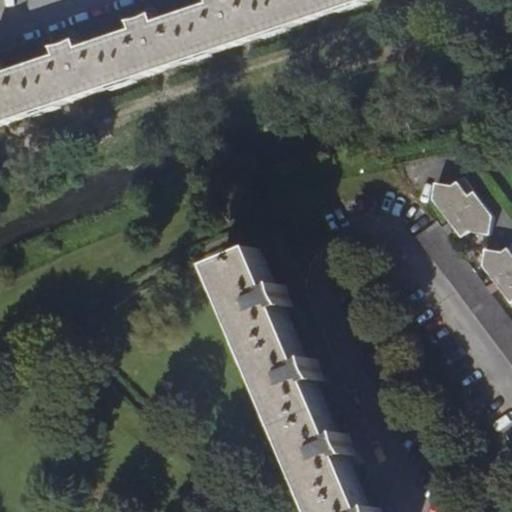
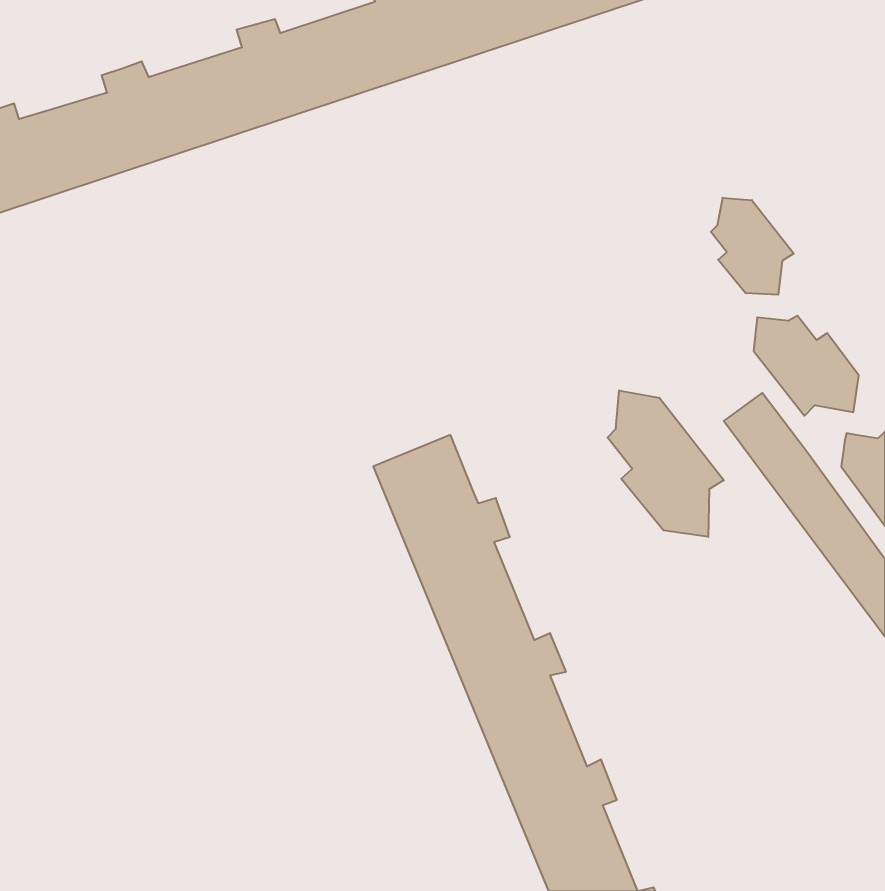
building: none -> [711,198,794,295]
building: none -> [608,390,724,537]

